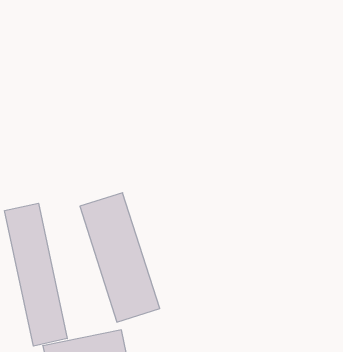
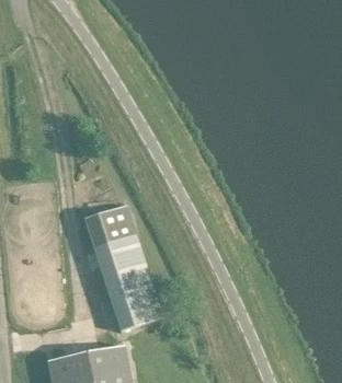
building: [5,203,67,346] -> none

